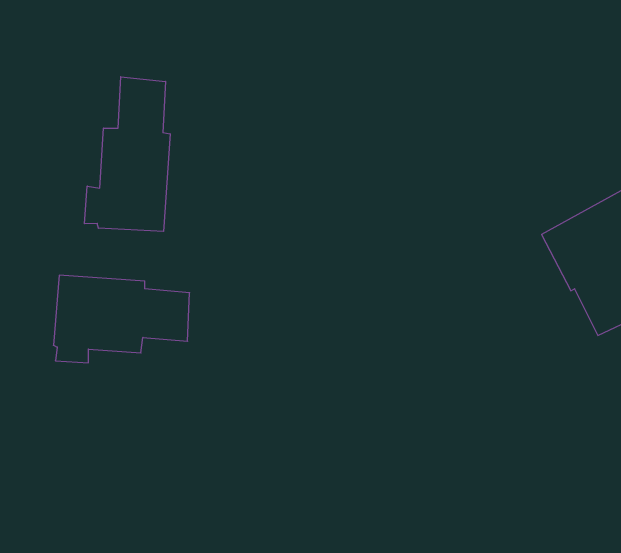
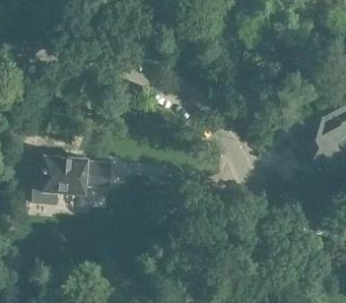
building: [84,77,170,231] -> none

